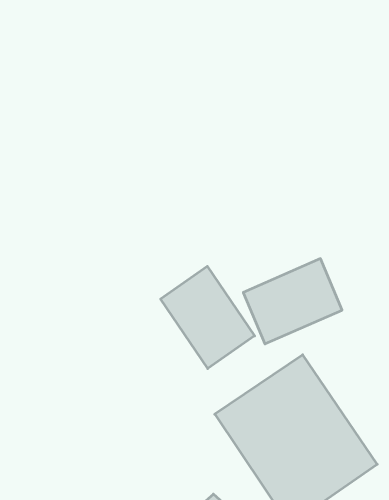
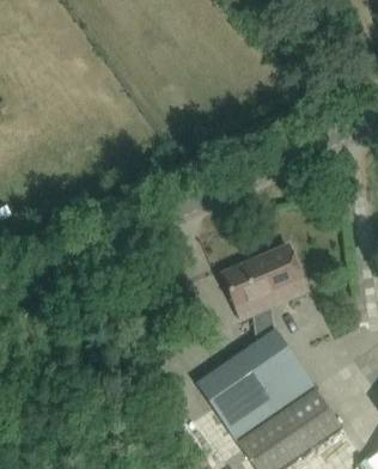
building: [161,266,255,369] -> none

